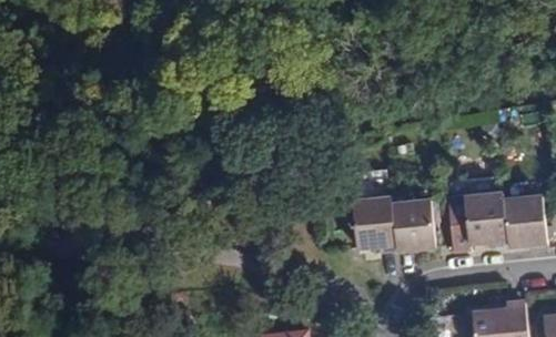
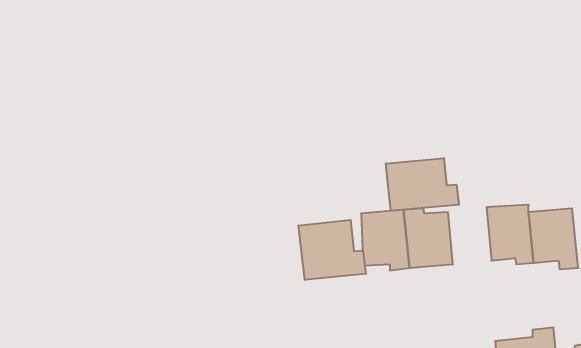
building: none -> [386,158,459,211]
building: none -> [299,220,366,280]

